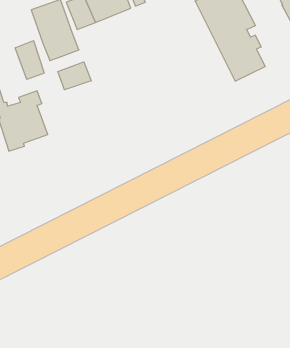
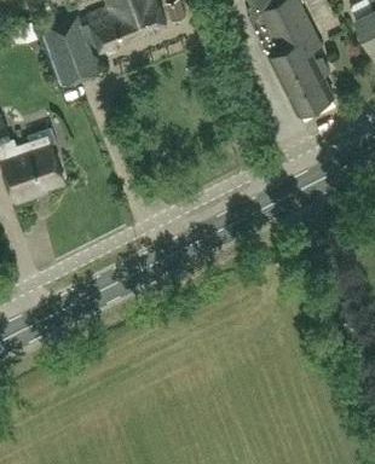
building: [15,41,44,79] -> none
building: [58,62,91,90] -> none

